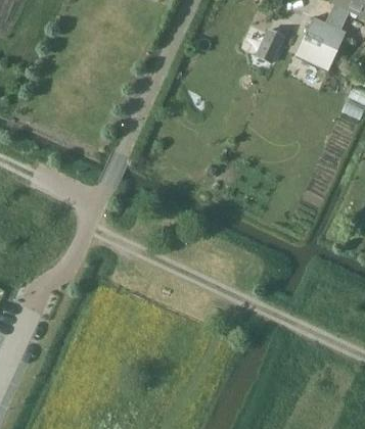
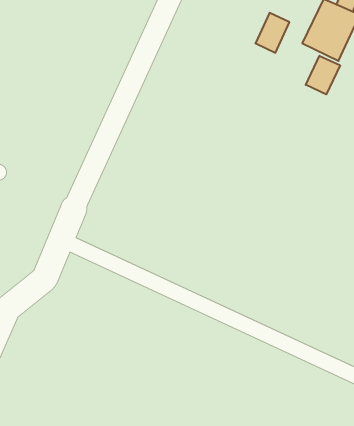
building: none -> [306,56,340,94]

